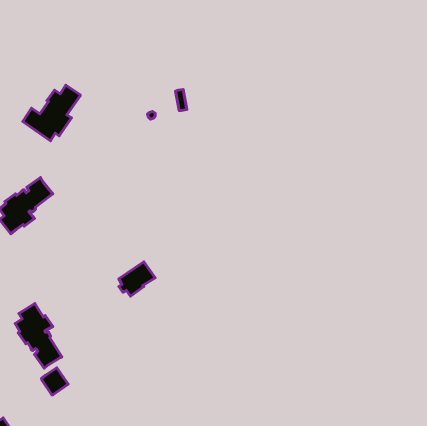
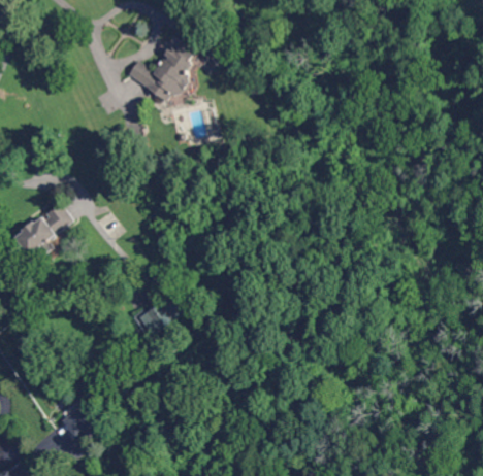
building: [23,85,80,141] -> [133,42,195,102]
building: [15,304,62,368] -> none

